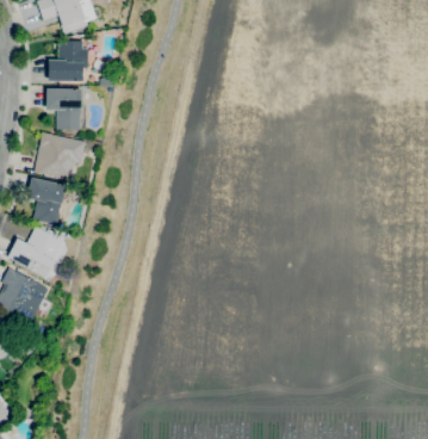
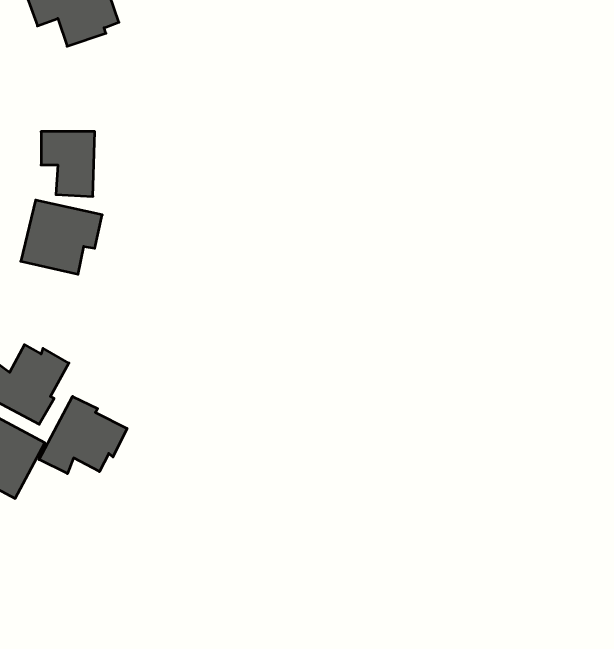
building: [49,41,88,81] -> none
building: [27,178,66,225] -> none
building: none -> [39,396,127,474]

